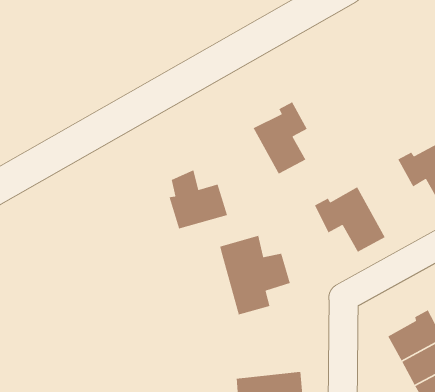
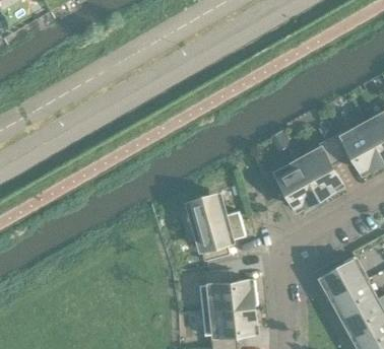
building: [253,101,308,179] -> [298,138,341,200]
building: [169,169,232,230] -> none
building: none -> [198,270,257,311]

